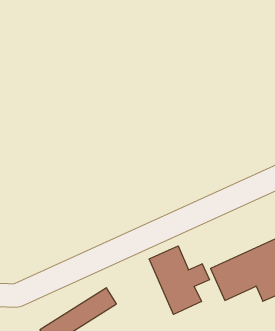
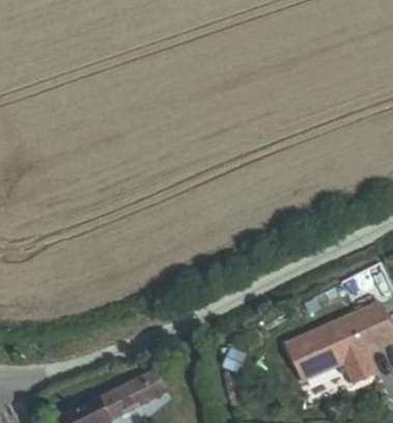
building: [149,246,209,314] -> none

